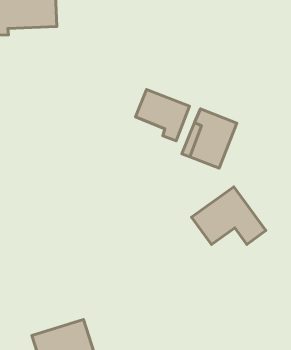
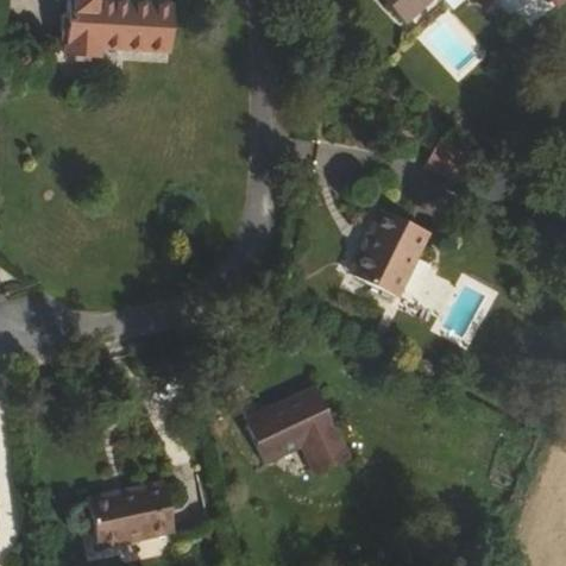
building: [135,89,189,141] -> none
building: [192,187,266,245] -> [244,383,348,468]

